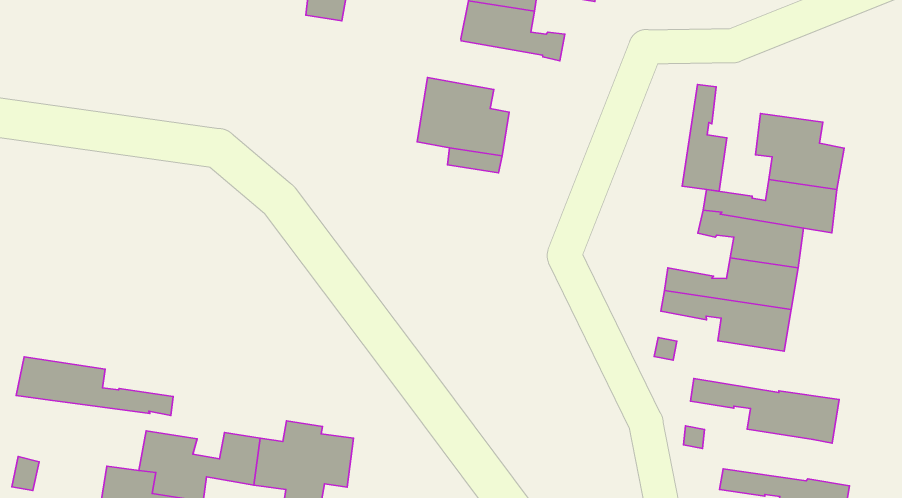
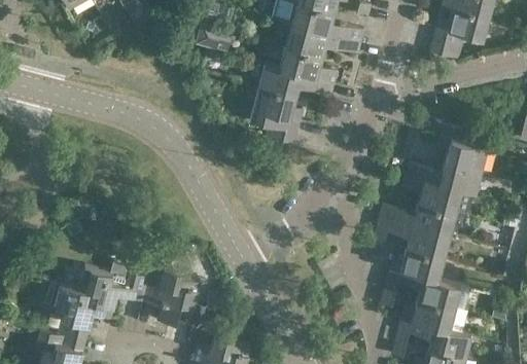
building: none -> [259,66,333,99]
building: [682,84,727,191] -> none
building: none -> [390,250,442,282]
building: [16,357,173,415] -> none
building: none -> [401,300,453,332]

